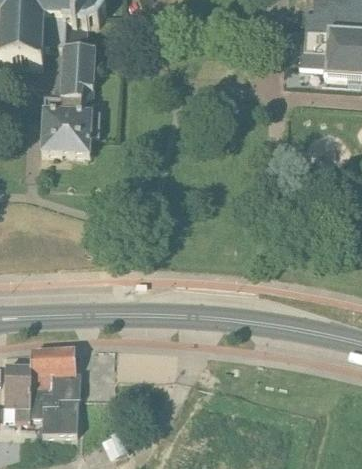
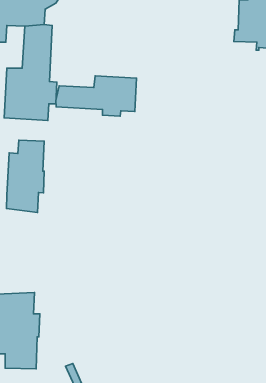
building: none -> [56,76,136,116]
building: none -> [7,140,44,212]

